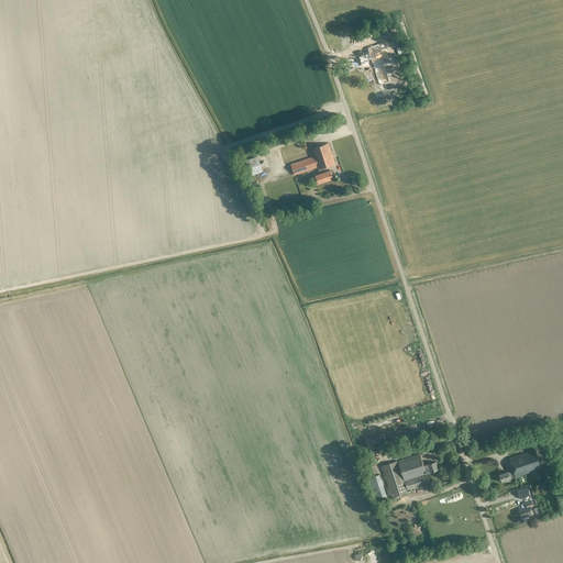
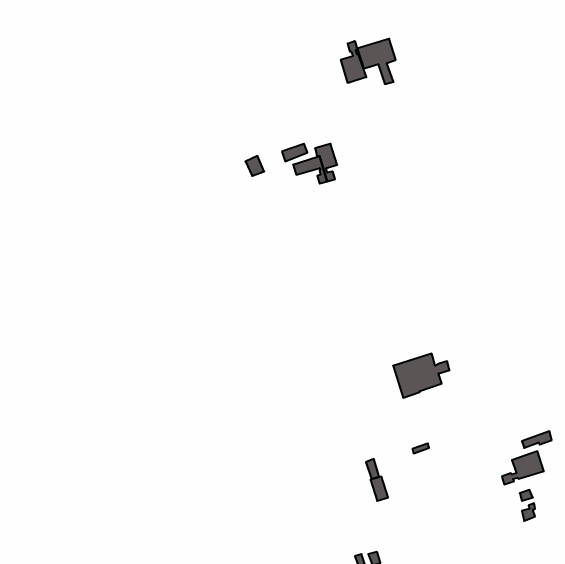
building: none -> [341,41,366,83]
building: [382,454,438,498] -> [393,354,450,398]

